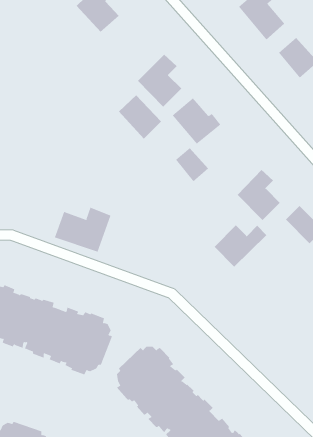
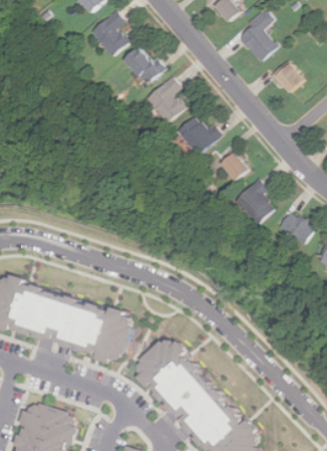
building: [118,95,162,139] -> [126,45,166,85]
building: [175,147,209,182] -> [223,152,253,183]
building: [54,207,111,253] -> none
building: [214,224,267,267] -> none

